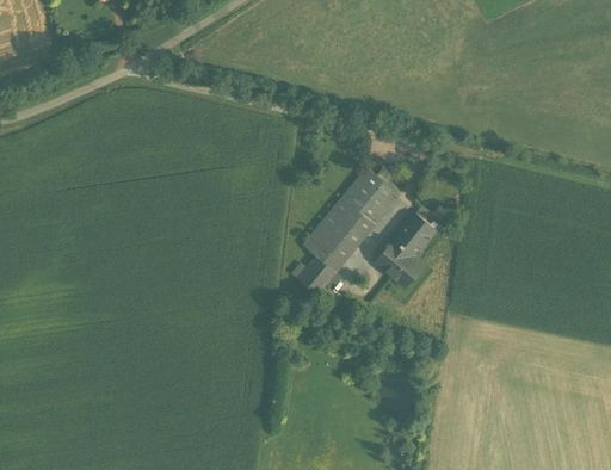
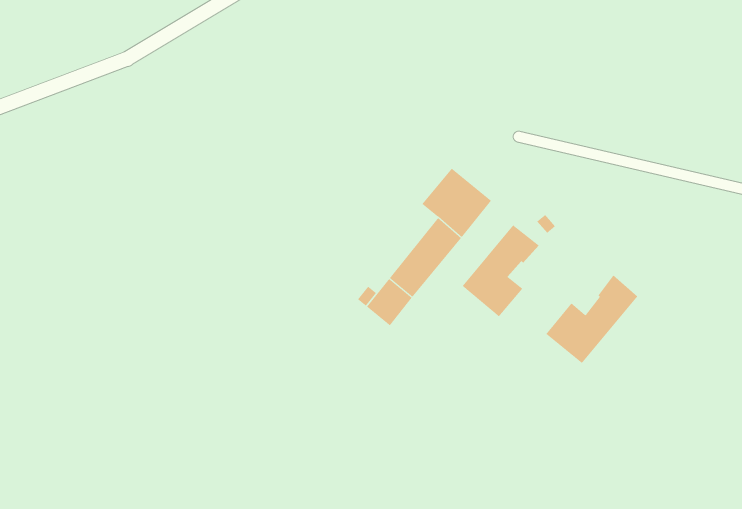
building: [303,197,357,256] -> none
building: none -> [545,274,638,364]

